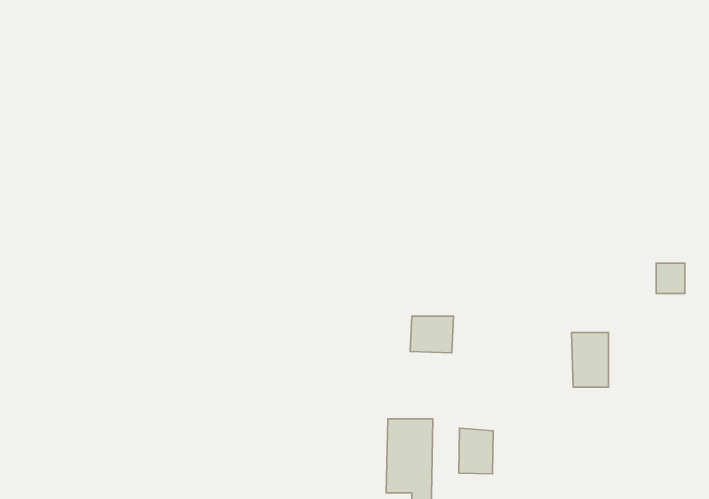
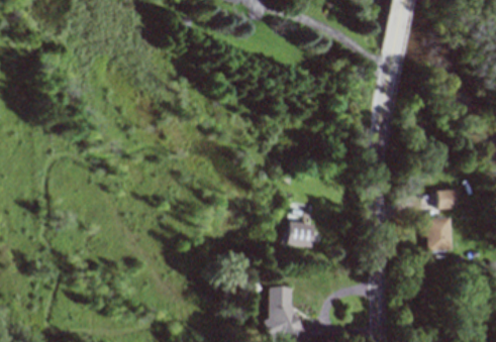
building: [572,333,609,387] -> [427,218,451,252]
building: [459,428,493,474] -> none

